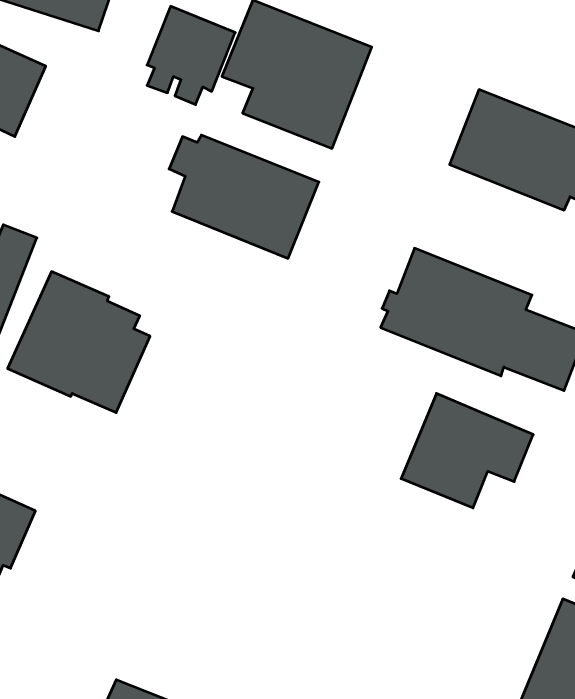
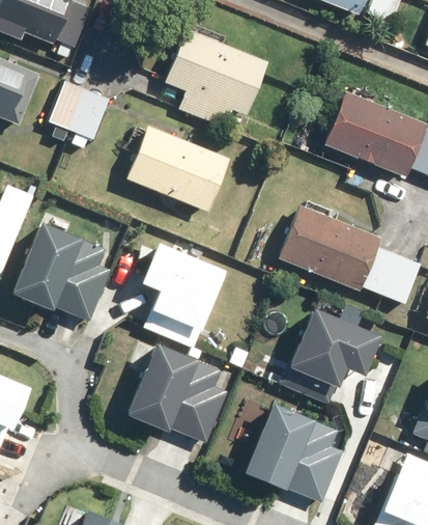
building: [147,6,235,105] -> [49,81,111,150]
building: none -> [134,241,229,351]
building: none -> [130,341,227,439]
building: none -> [246,403,342,502]

